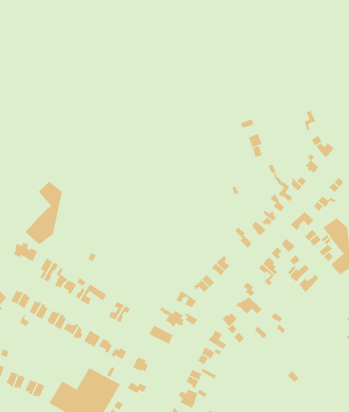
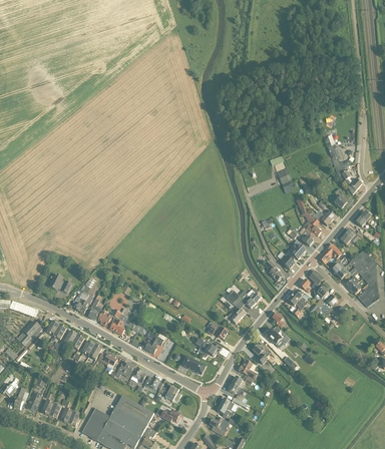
building: [24,181,62,245] -> none

